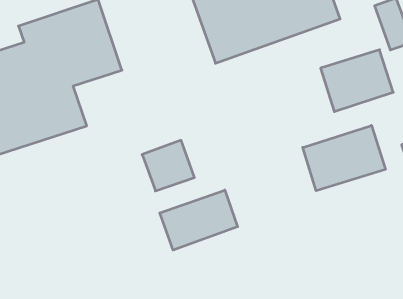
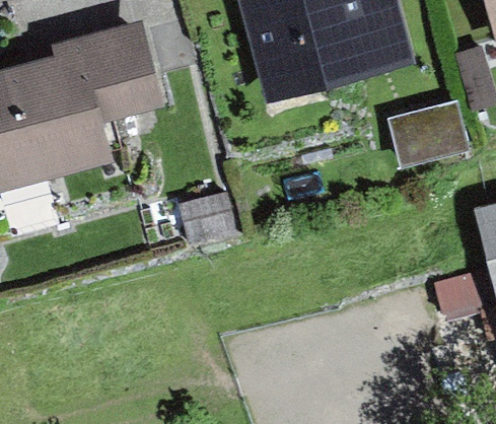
building: [303,125,385,191] -> none
building: [160,190,238,250] -> none

